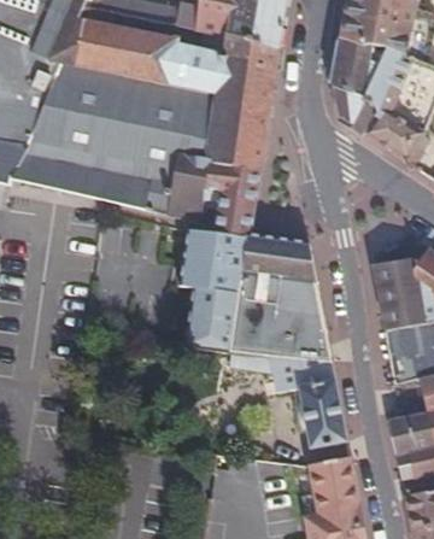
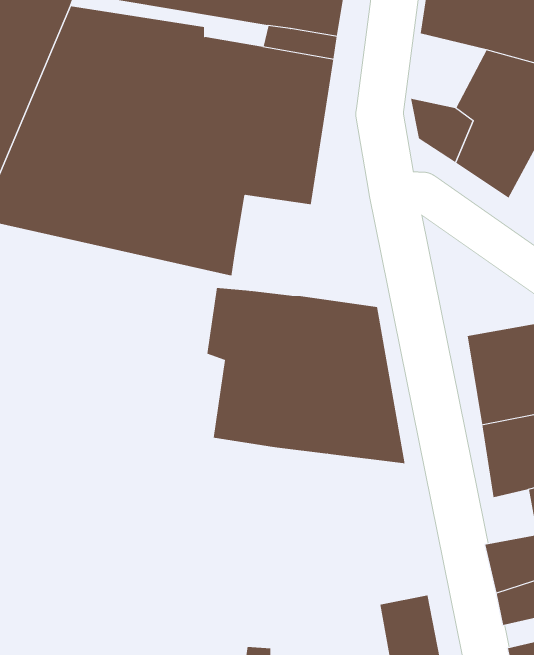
building: [334,40,391,95] -> none
building: [204,160,260,235] -> none
building: [272,353,345,446] -> none

